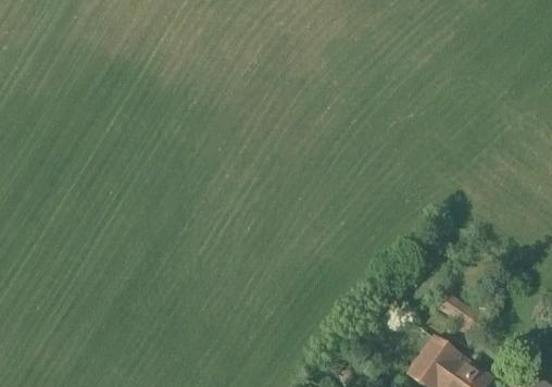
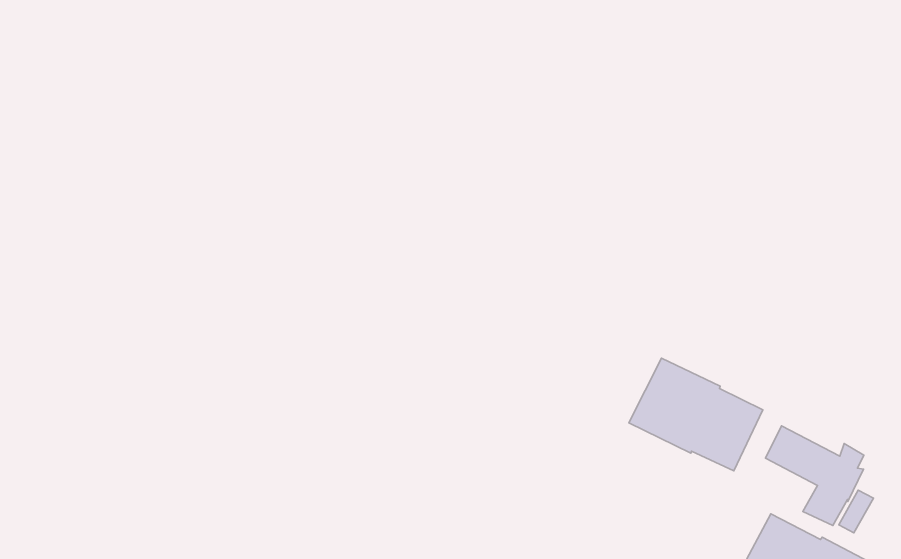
building: none -> [629,358,763,471]

